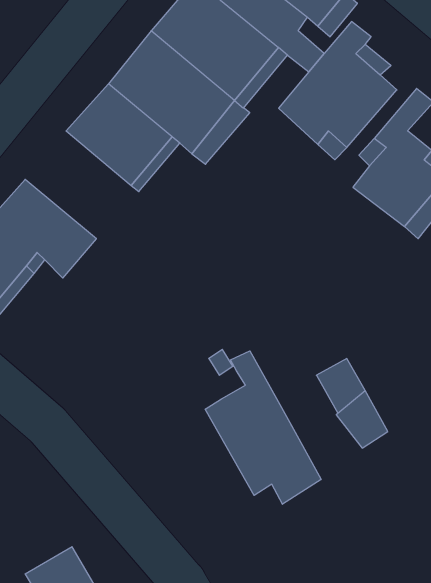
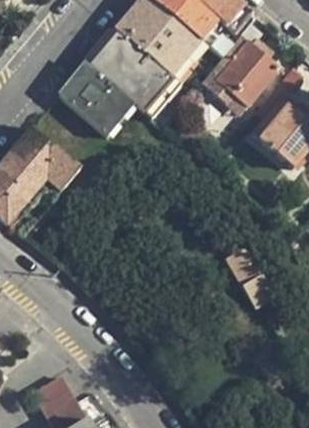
building: [205,351,321,504] -> none

